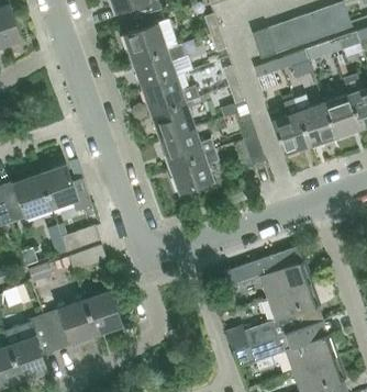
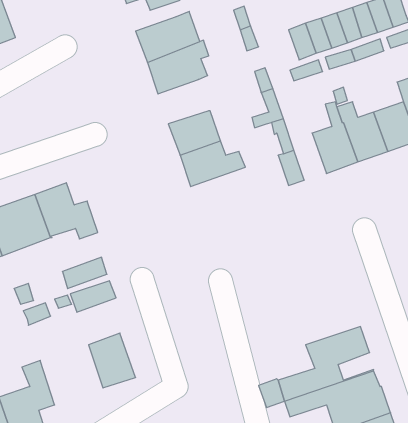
building: [142,76,199,113] -> none
building: [169,149,219,192] -> none
building: [223,255,312,299] -> none
building: [43,299,96,349] -> none

